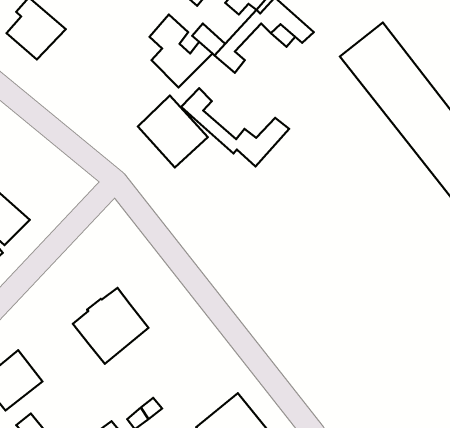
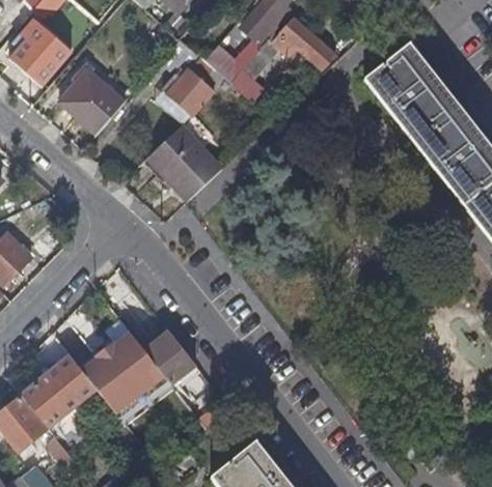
building: none -> [61,70,125,134]
building: [181,88,289,166] -> none
building: none -> [140,325,195,383]
building: none -> [21,355,97,428]

